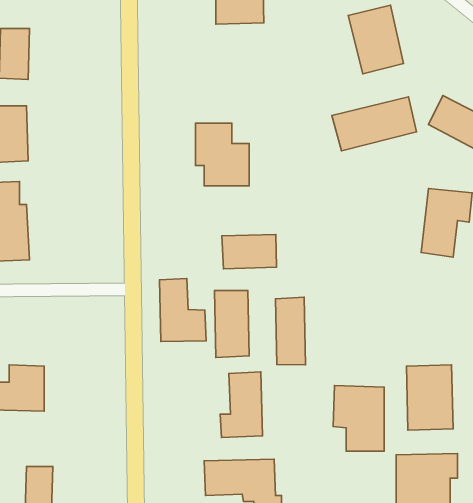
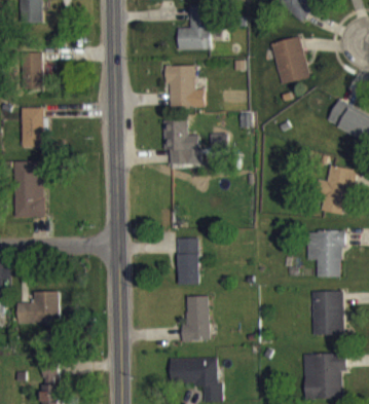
building: none -> [167,65,205,107]
building: [332,97,417,151] -> none
building: [222,235,276,269] -> none
building: [159,279,206,342] -> none
building: [276,297,306,365] -> none
building: [333,386,384,451] -> [307,230,343,277]

